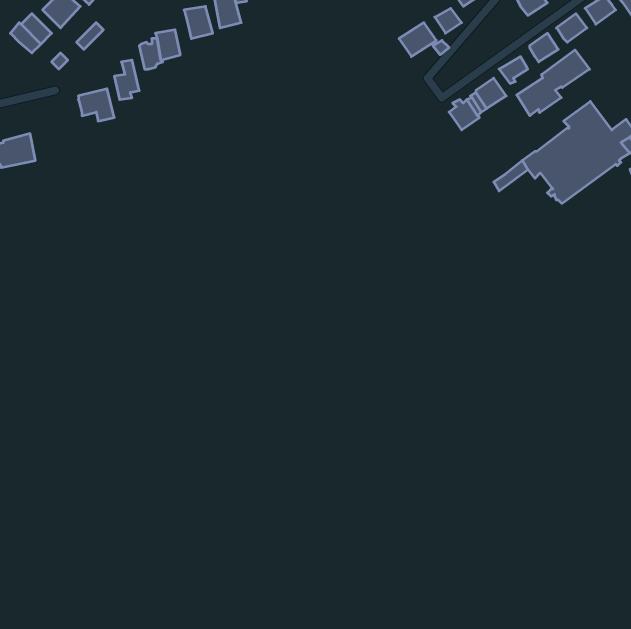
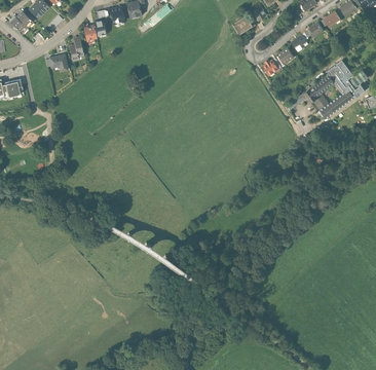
building: [517,50,590,116] -> none

